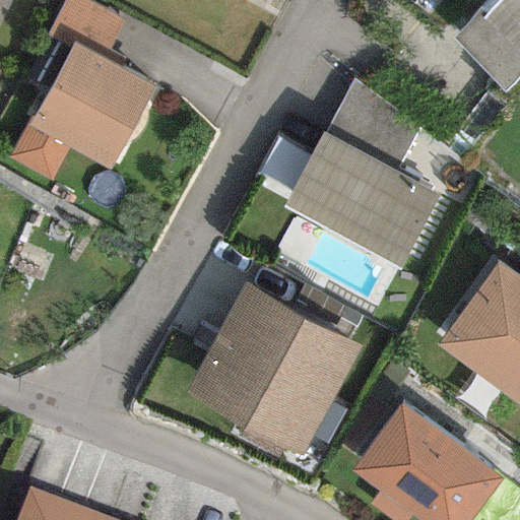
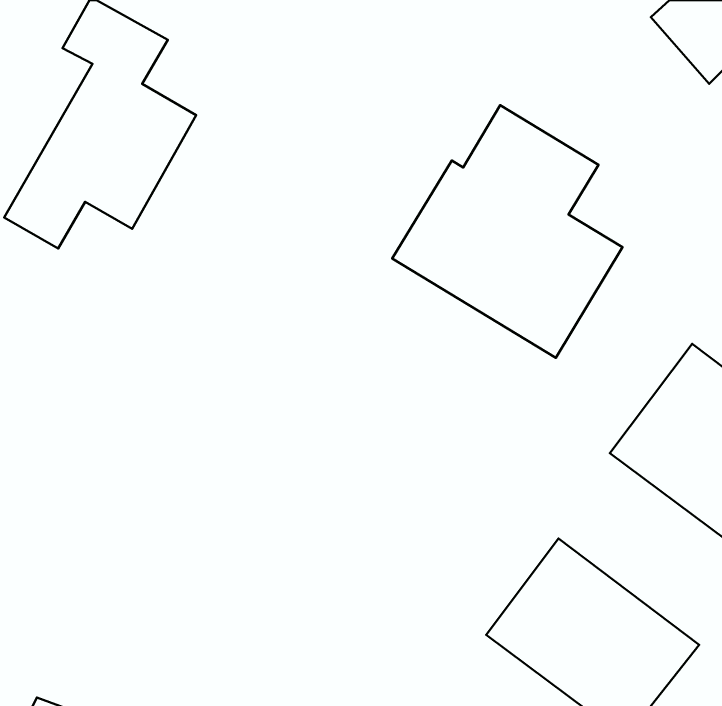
building: [180,281,359,457] -> none

